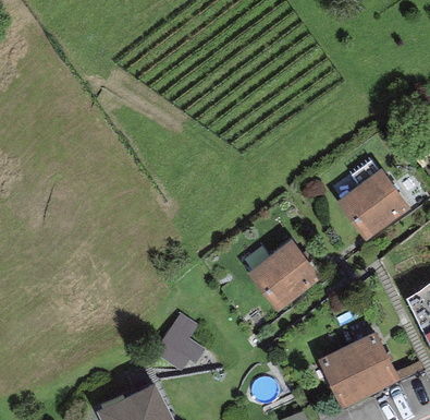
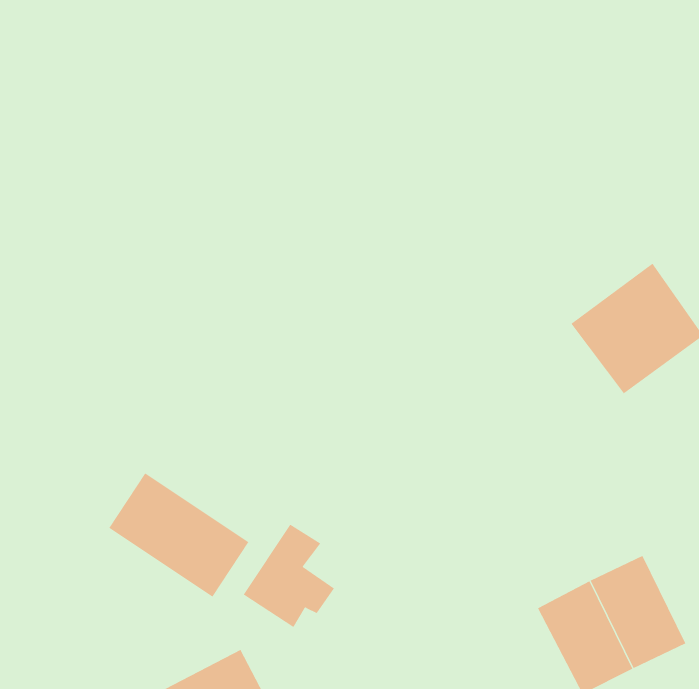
building: [247,239,318,312] -> none
building: none -> [109,473,249,598]

